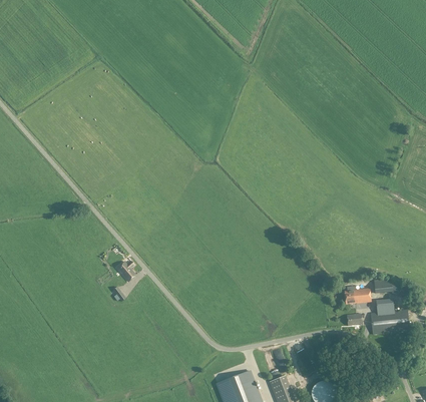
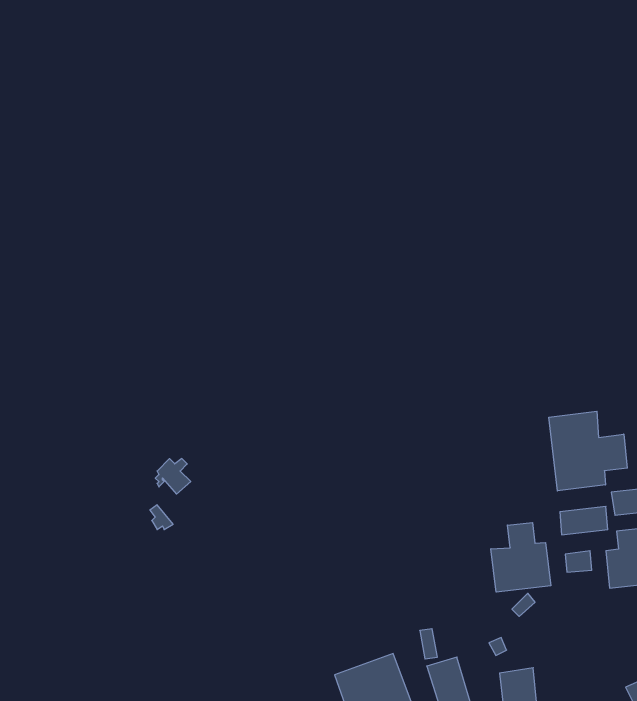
building: none -> [549,411,627,491]
building: none -> [491,523,551,592]

